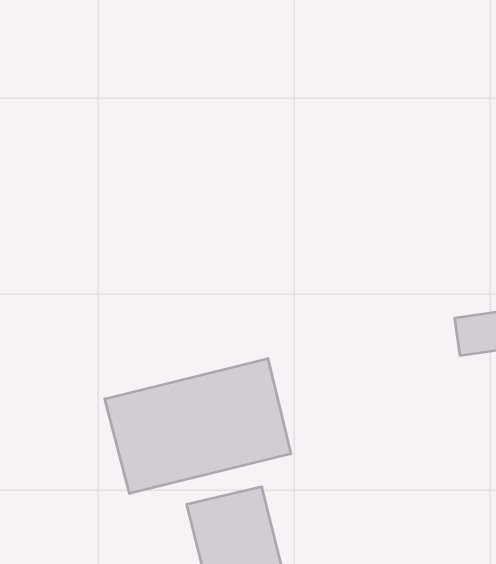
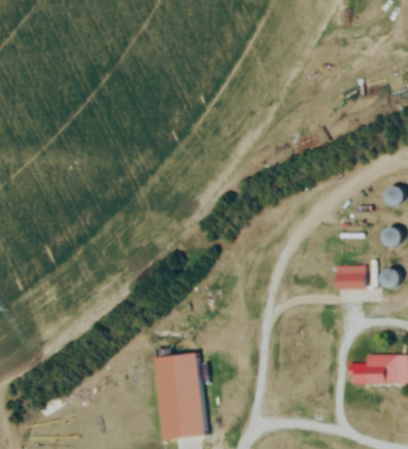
building: [105,358,291,494] -> none

